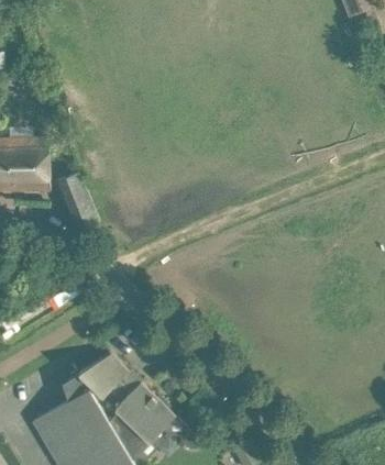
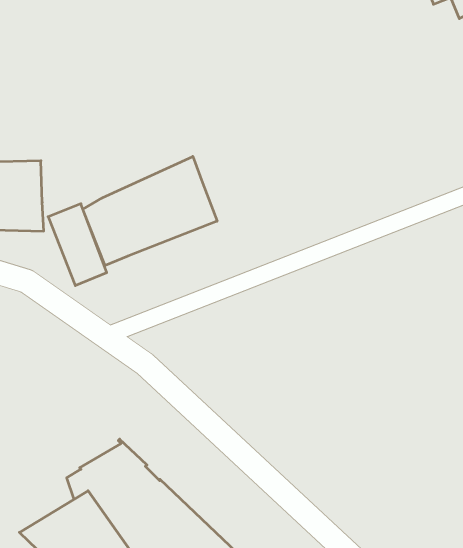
building: none -> [83,156,217,266]

